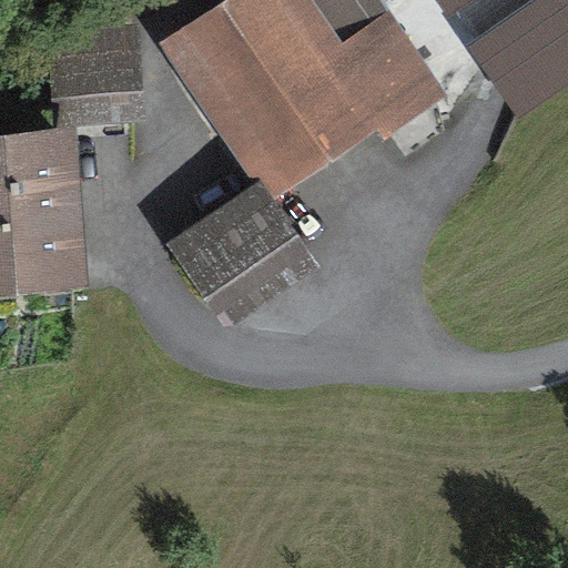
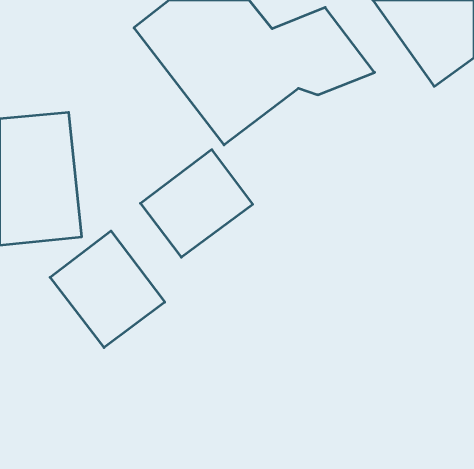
building: [51,37,126,110] -> none
building: none -> [50,231,165,348]

